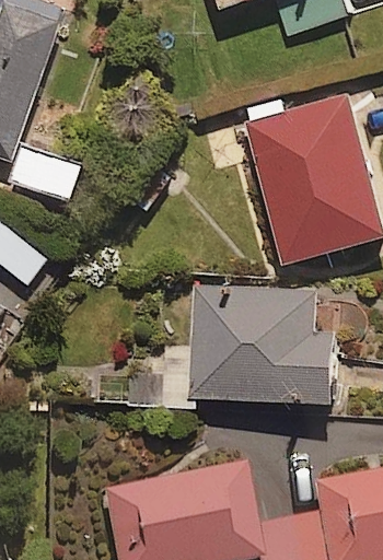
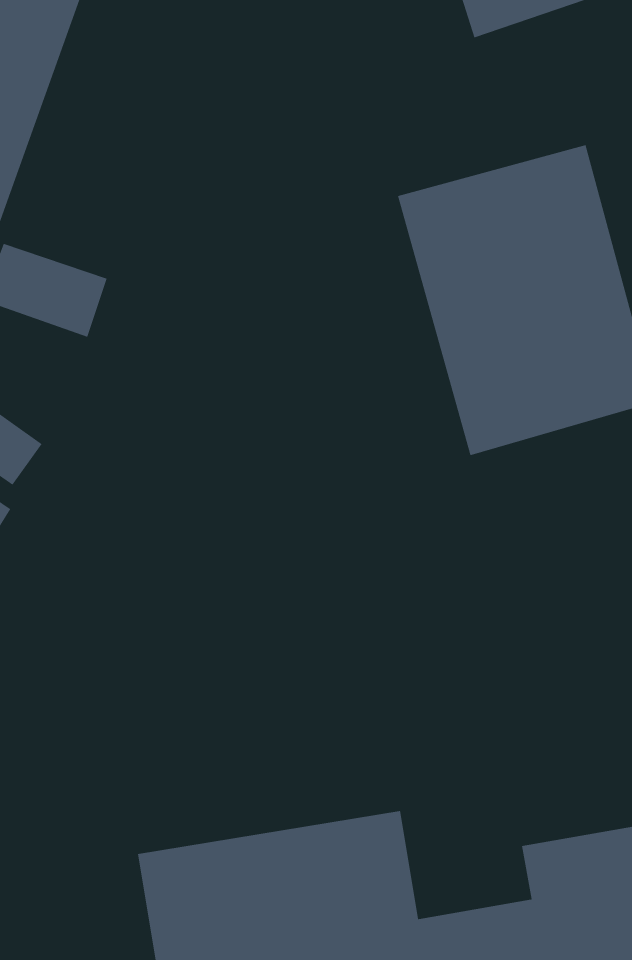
building: [189,289,339,404] -> none

